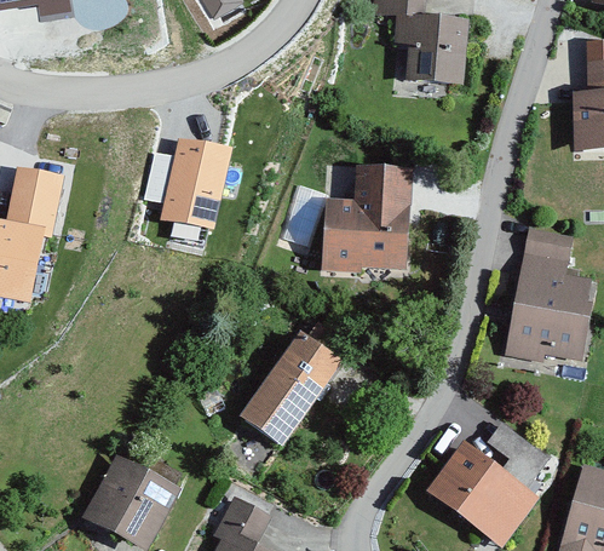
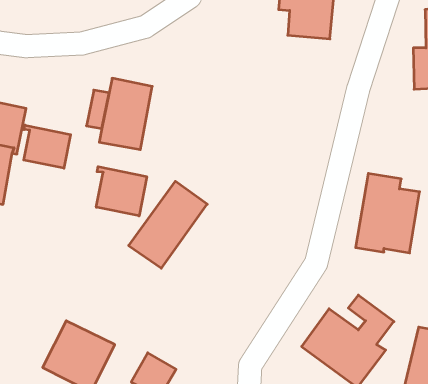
building: [327,168,410,268] -> none
building: none -> [24,125,71,168]
building: [516,234,563,265] -> none
building: none -> [96,167,147,216]
building: [240,331,344,446] -> [129,181,207,268]

